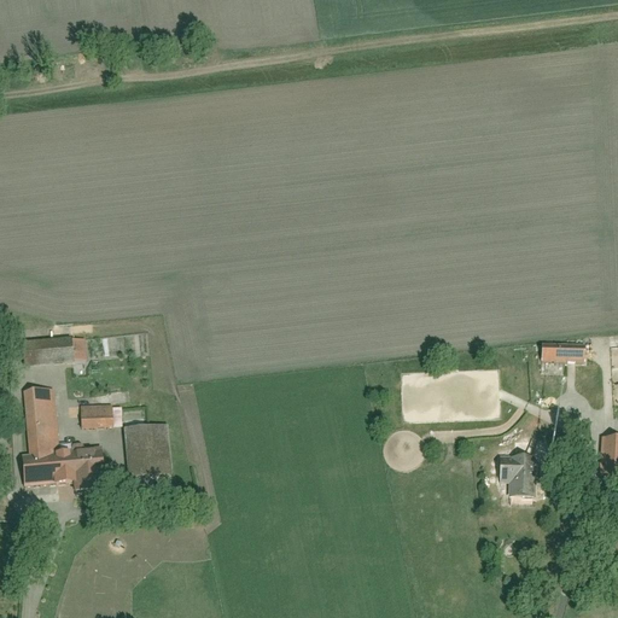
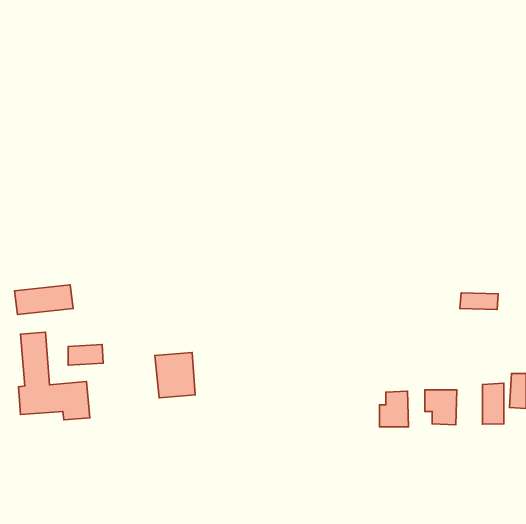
building: [124,424,171,477] -> [155,353,195,398]
building: none -> [483,383,504,424]
building: none -> [379,391,408,427]

